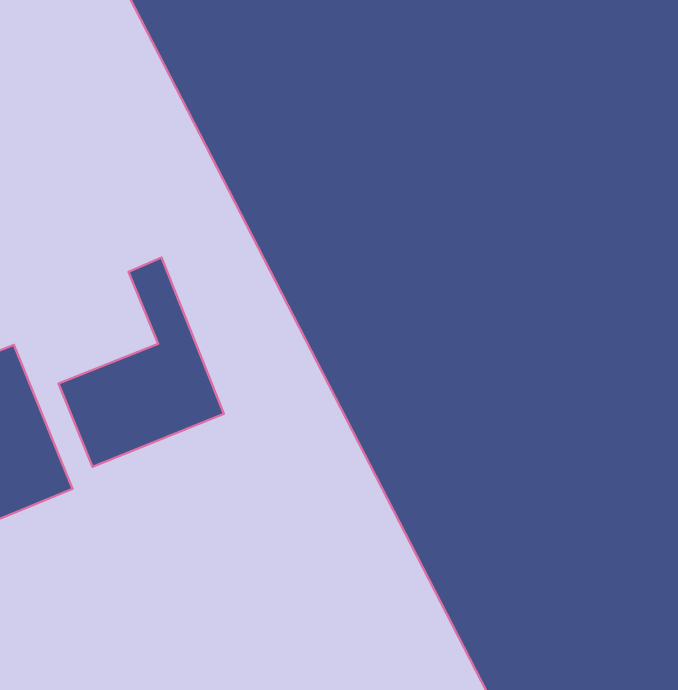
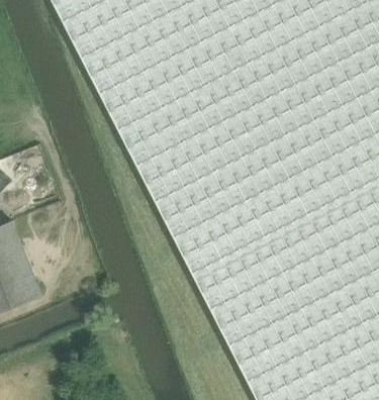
building: [58,257,224,467] -> none

